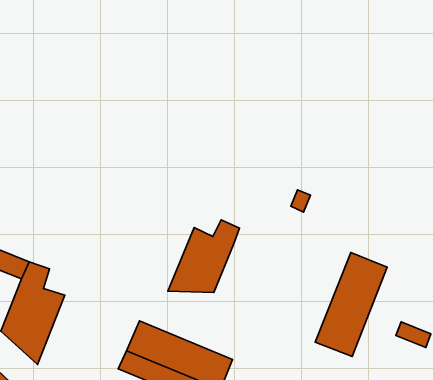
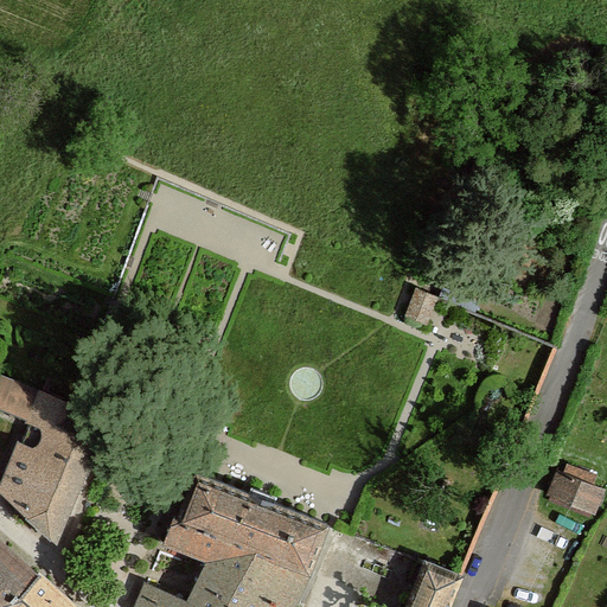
building: [168,220,239,293] -> none
building: [315,253,387,356] -> none

